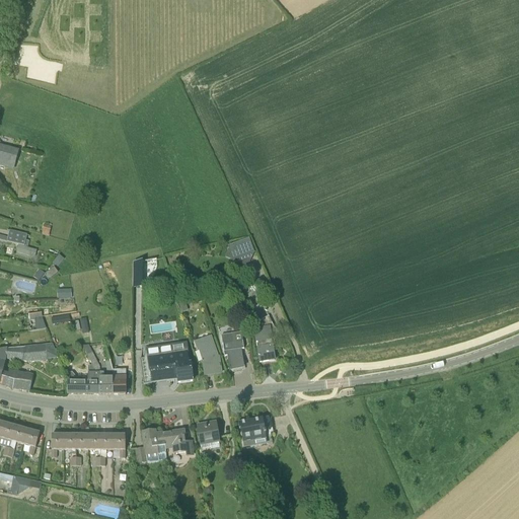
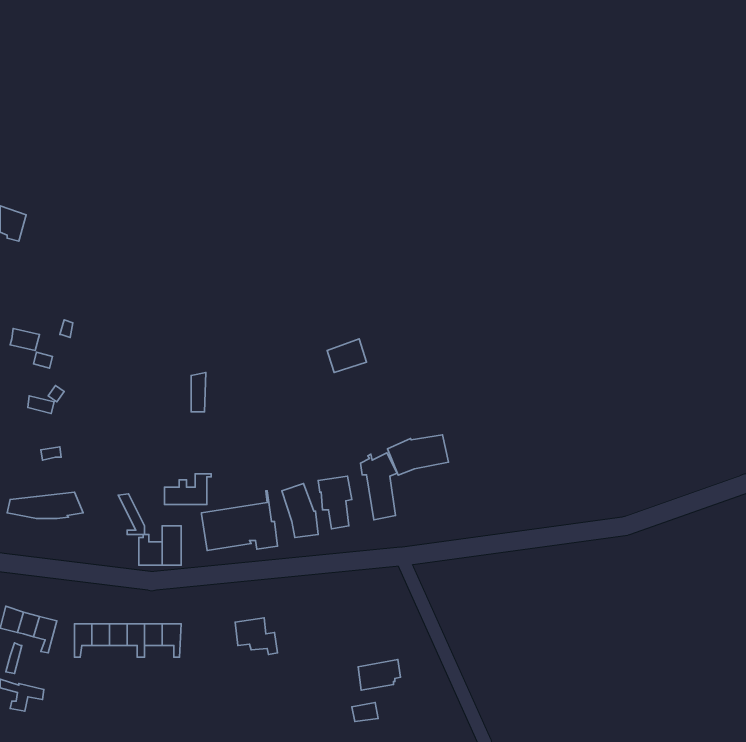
building: none -> [387,435,448,475]
building: [6,369,33,389] -> none
building: [67,371,99,392] -> [165,474,211,505]
building: [240,416,270,437] -> [358,660,401,690]
building: [198,421,219,445] -> none
building: [135,429,166,461] -> none

